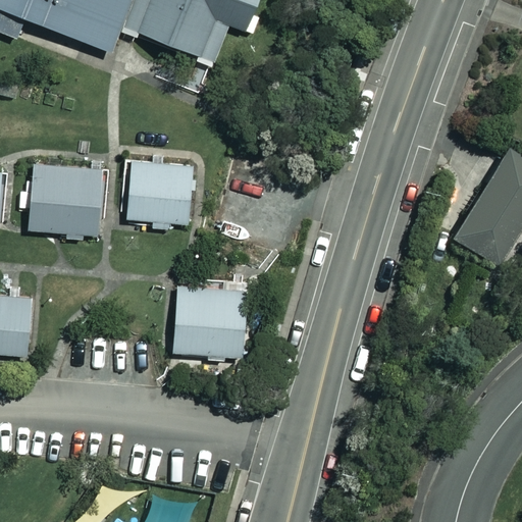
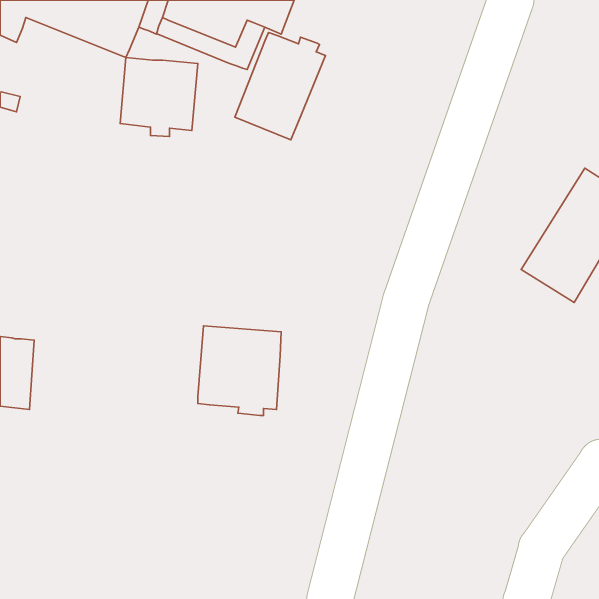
building: none -> [235,33,325,140]
building: [126,161,194,229] -> [120,58,198,137]
building: [28,163,103,240] -> none

